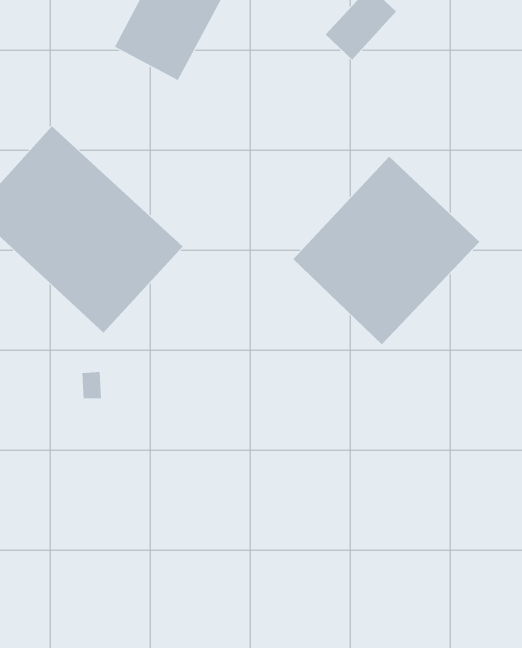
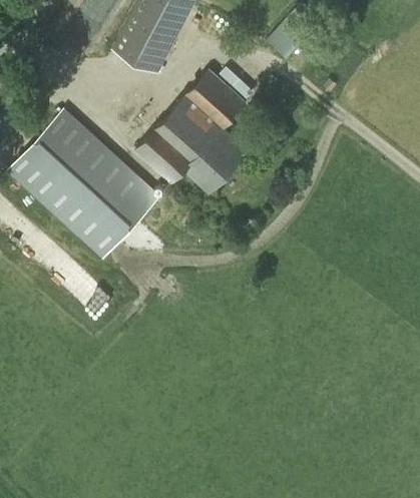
building: none -> [134,69,248,192]
building: [292,156,480,345] -> none

